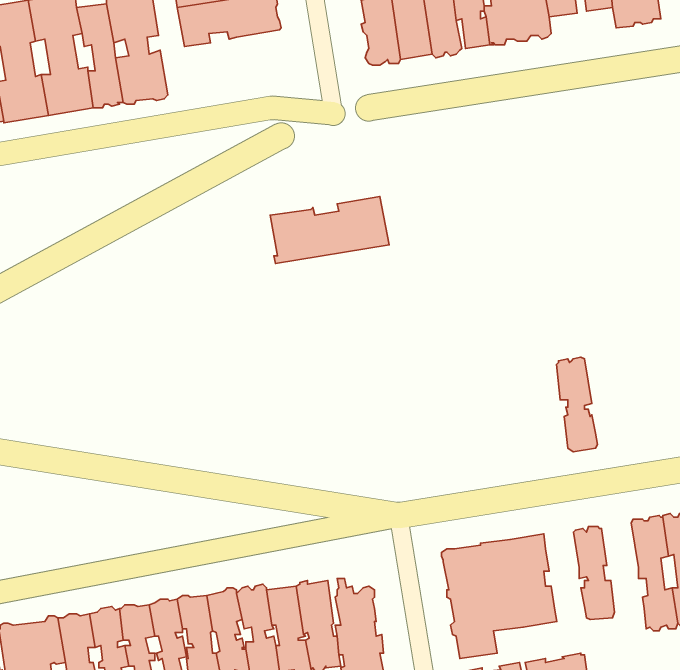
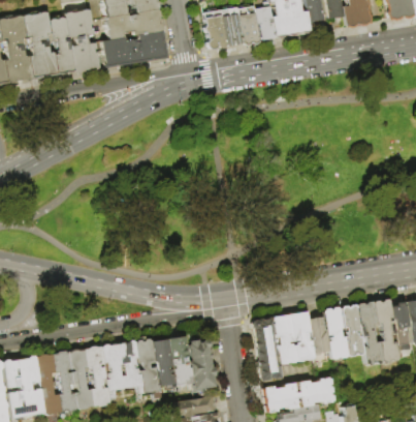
building: [270,196,389,263] -> [99,30,165,67]
building: [557,357,598,452] -> [340,303,362,356]
building: none -> [308,316,329,353]

